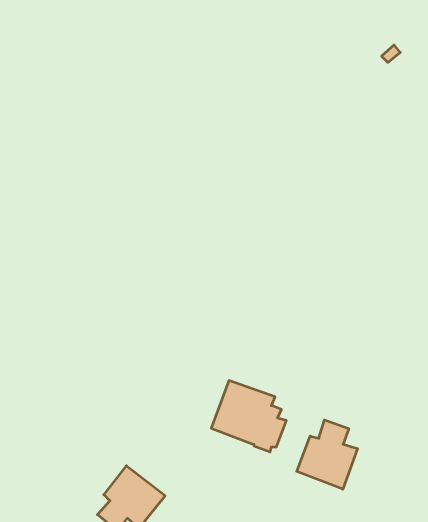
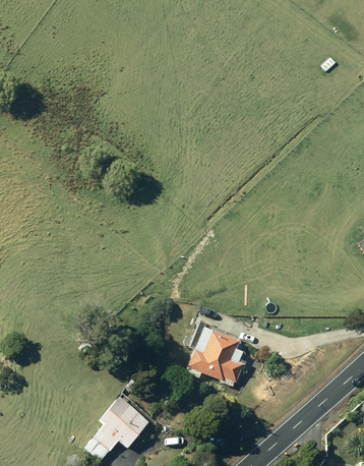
building: [297,420,358,489] -> none

